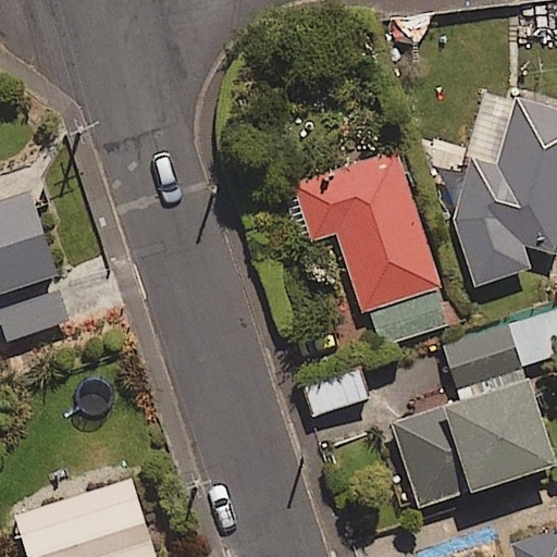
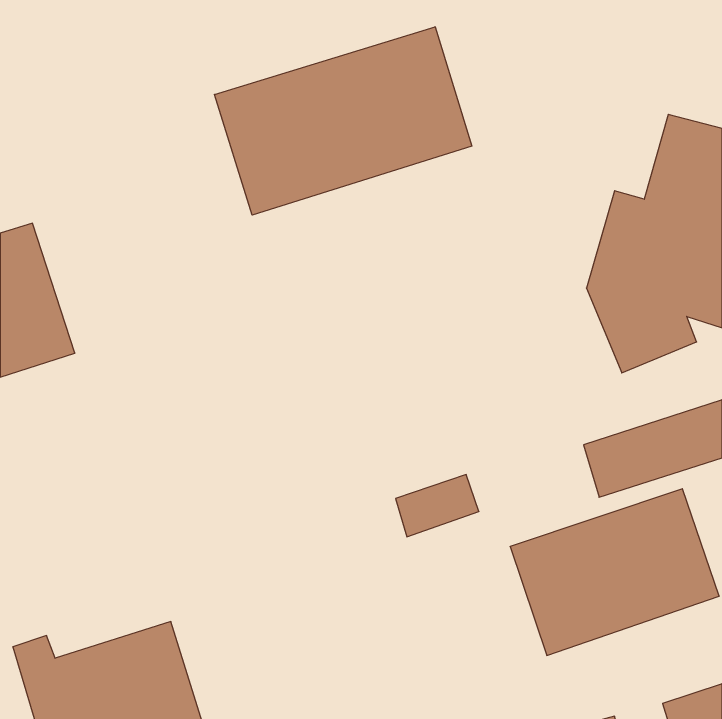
building: none -> [214,27,472,215]
building: [294,152,450,345] -> none

